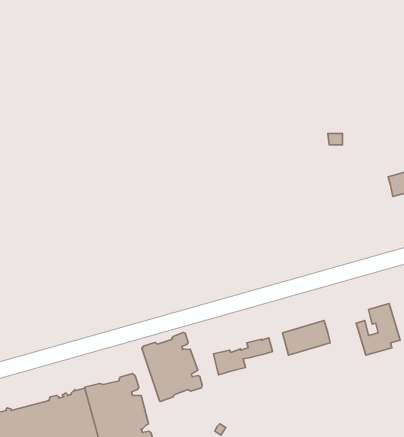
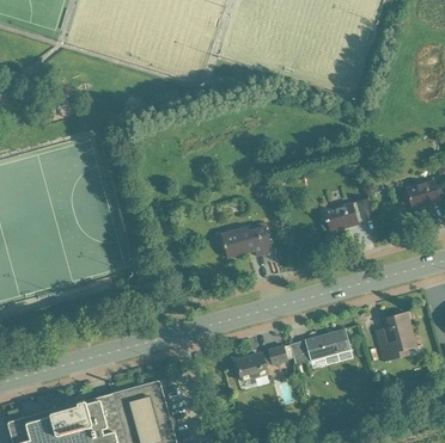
building: none -> [321,198,373,230]
building: none -> [220,226,273,257]
building: [142,332,202,402] -> none

